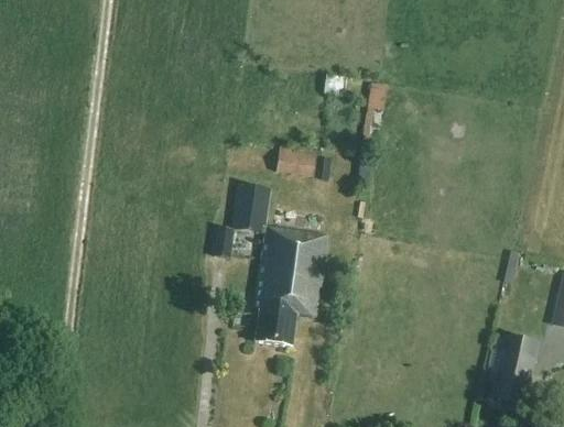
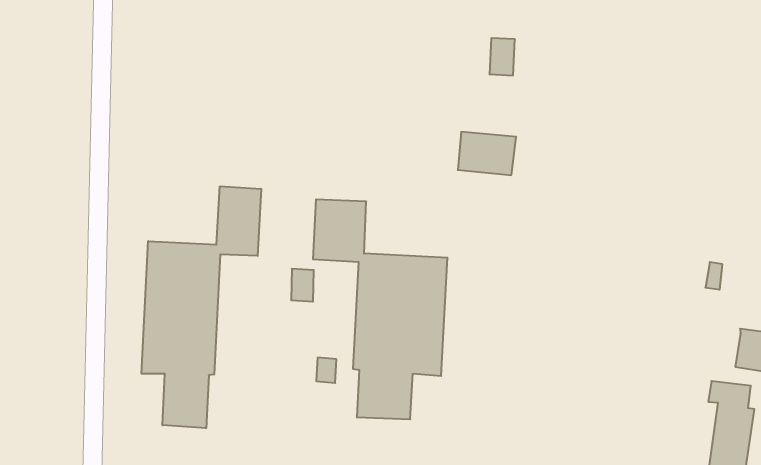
building: [278,143,321,176] -> [458,132,516,175]
building: none -> [142,186,261,428]

